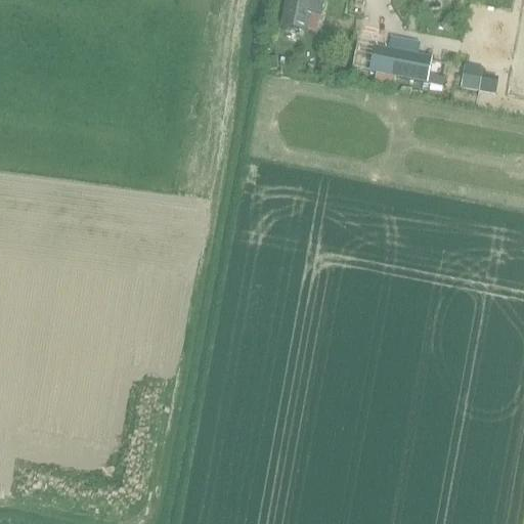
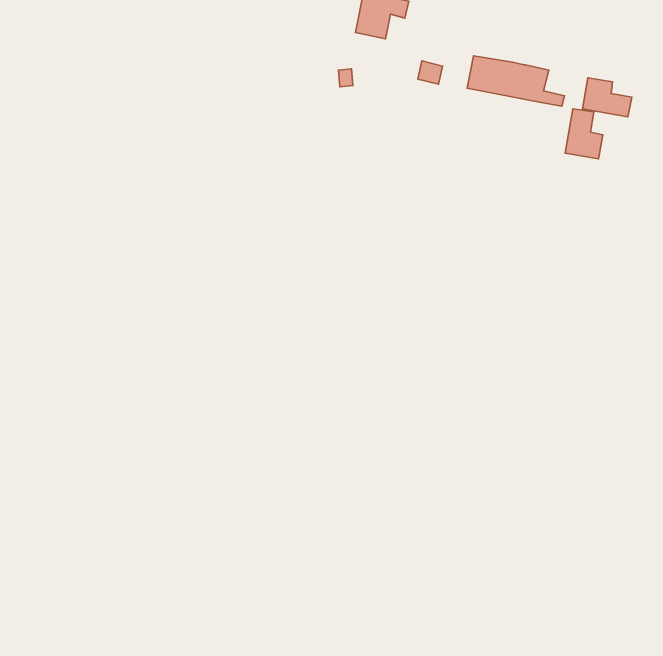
building: none -> [565,109,603,159]

